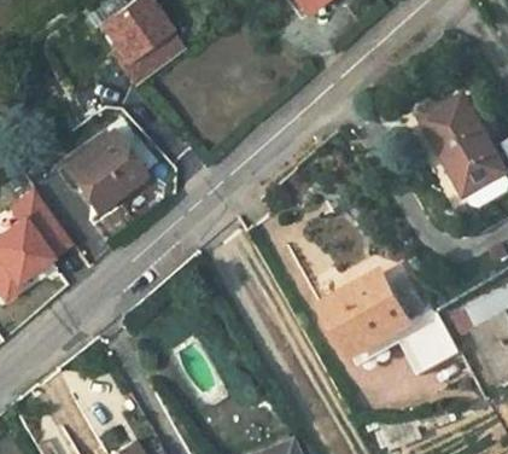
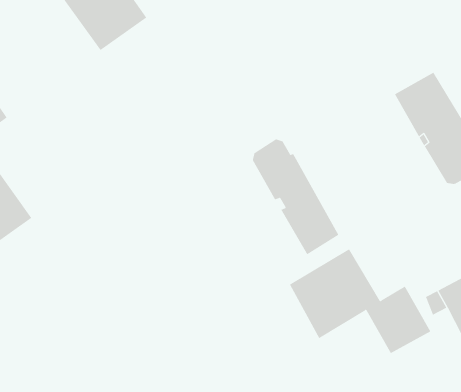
building: [65,130,145,210] -> none
building: none -> [252,139,339,255]

